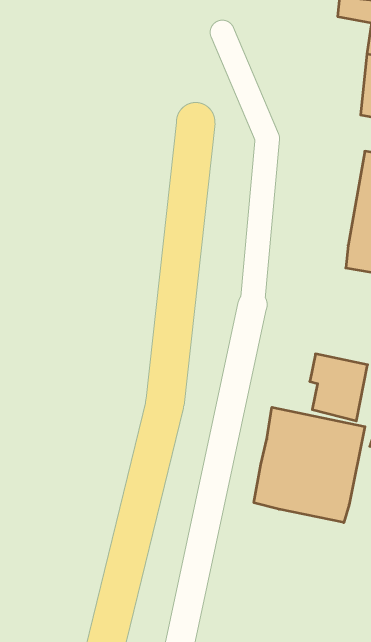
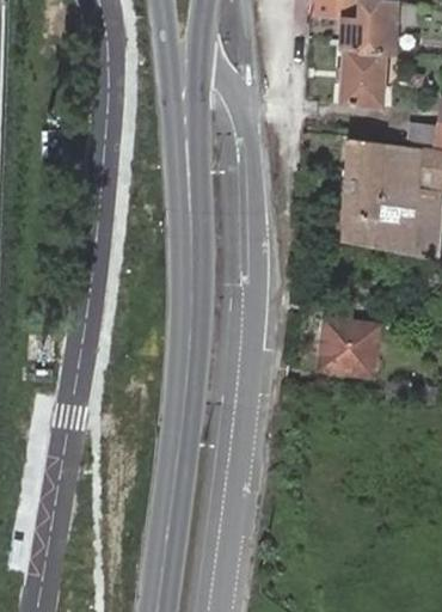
building: [254,407,365,523] -> none

